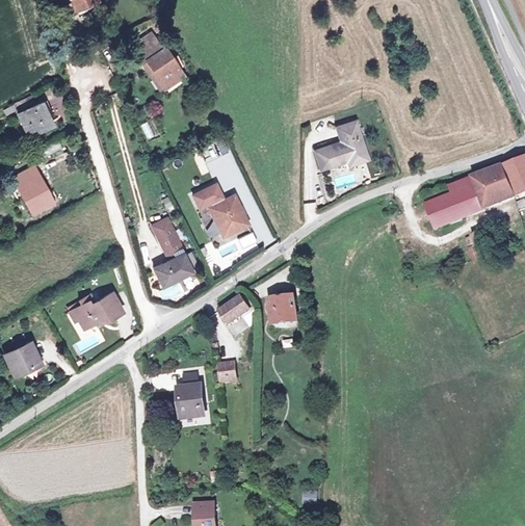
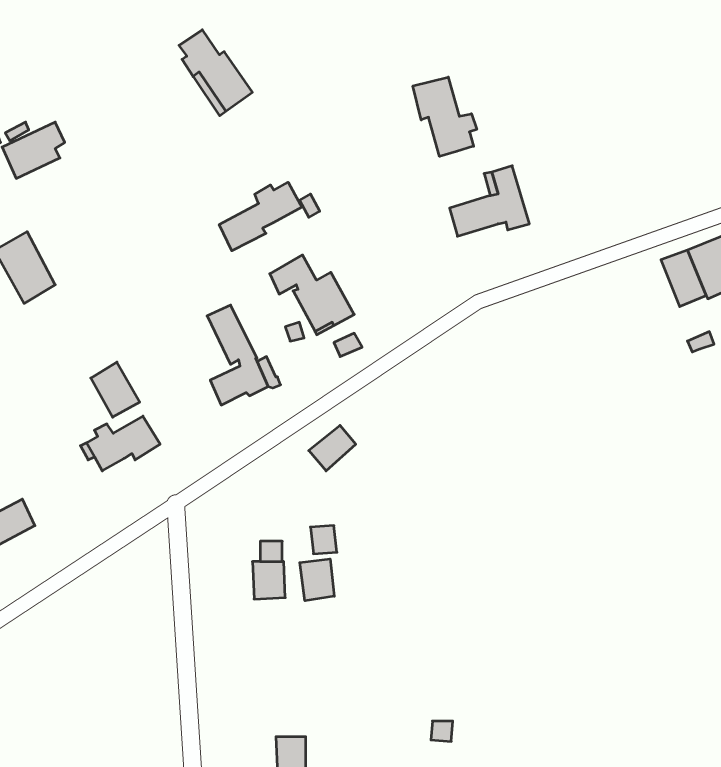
building: none -> [413,77,477,156]
building: none -> [219,182,302,251]
building: [424,198,463,233] -> none
building: none -> [91,362,140,417]
building: [267,295,298,327] -> none
building: none -> [300,559,334,601]

